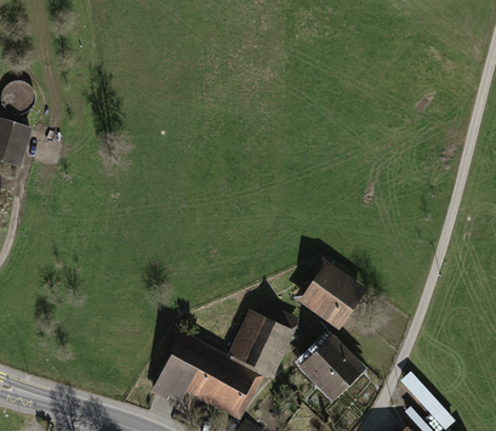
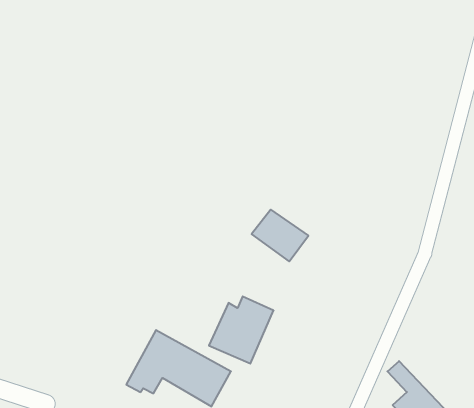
building: [306,273,359,322] -> [252,210,308,261]
building: [302,340,360,399] -> none

